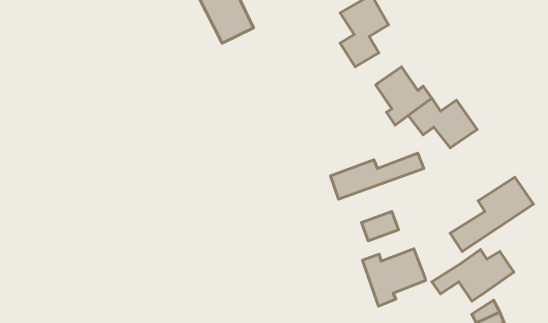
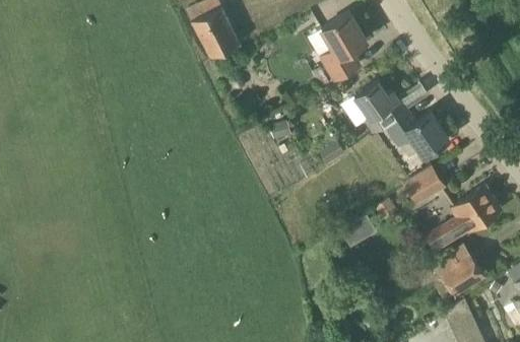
building: [330,153,424,199] -> none
building: none -> [404,167,445,205]
building: [362,249,426,306] -> none

